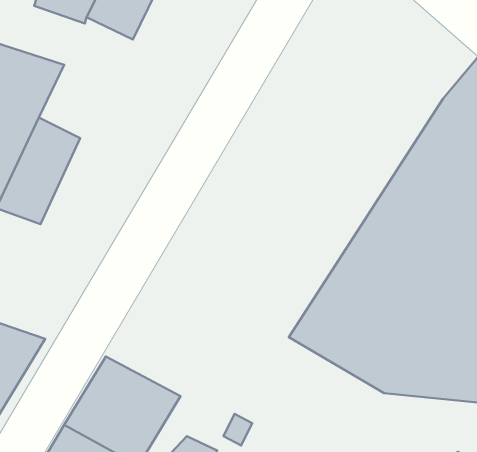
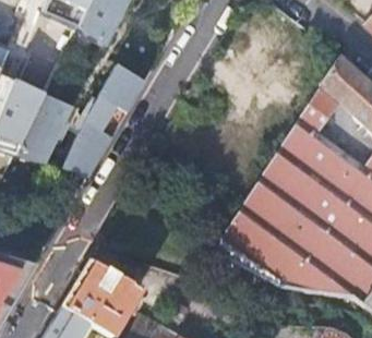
building: none -> [59,68,144,181]

